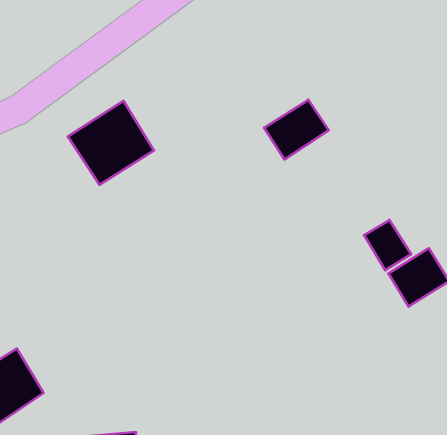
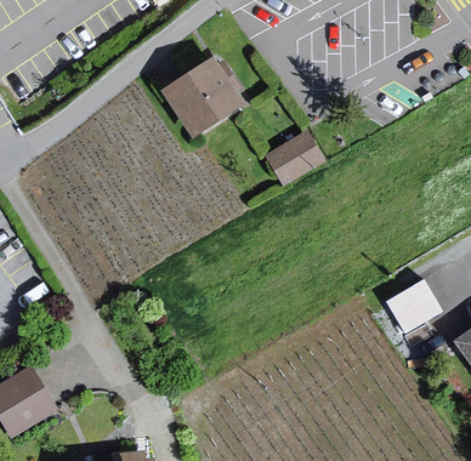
building: [68,101,154,185] -> [163,57,245,137]
building: [364,220,411,270] -> none

